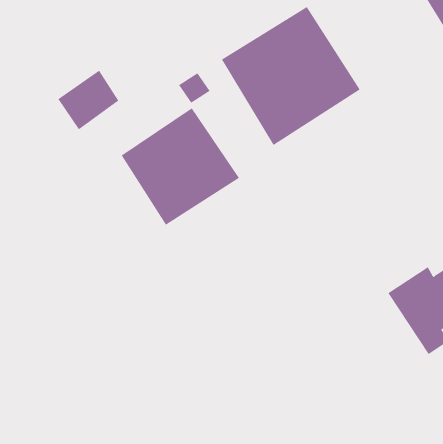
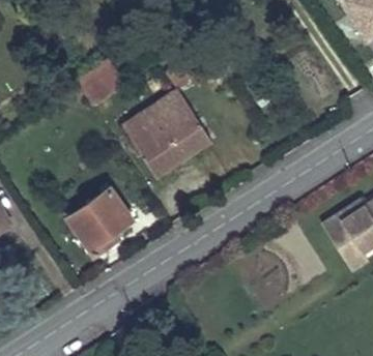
building: [221,6,361,146] -> none
building: none -> [67,186,133,254]

